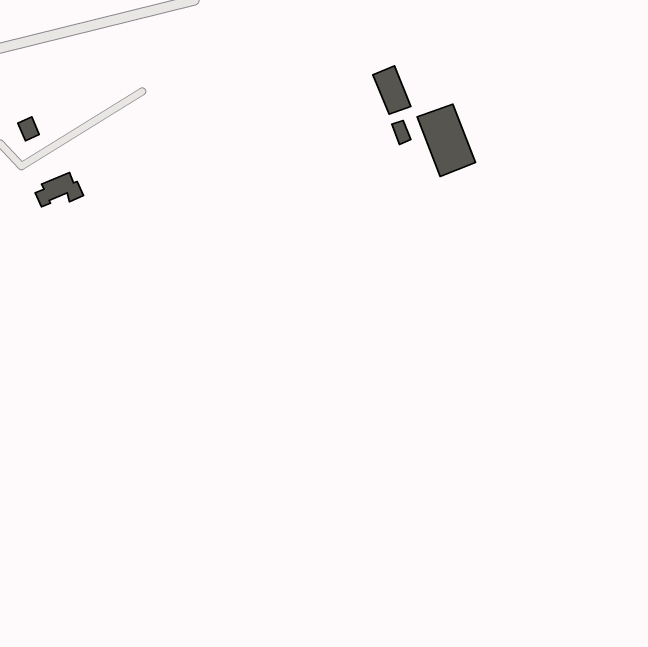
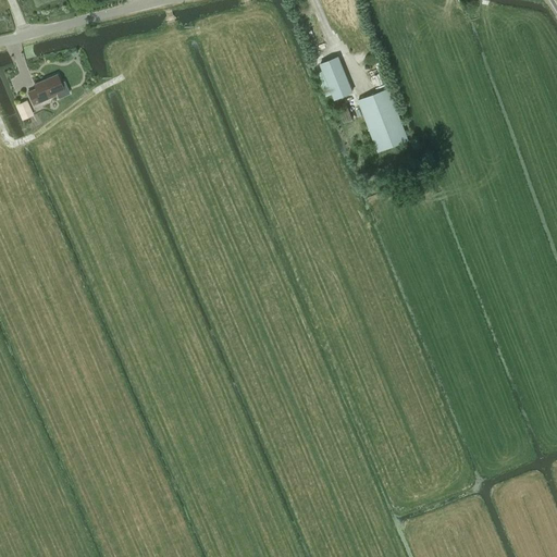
building: [35,173,84,207] -> [28,76,70,106]

